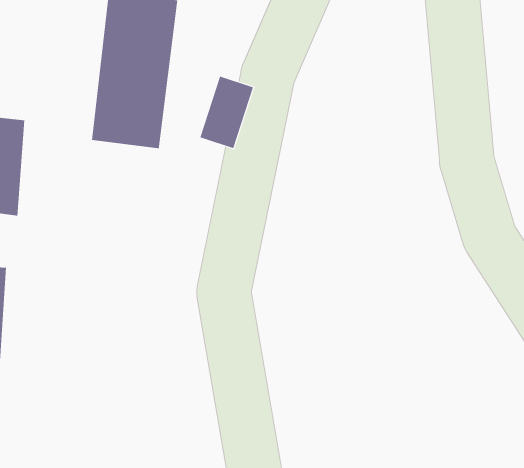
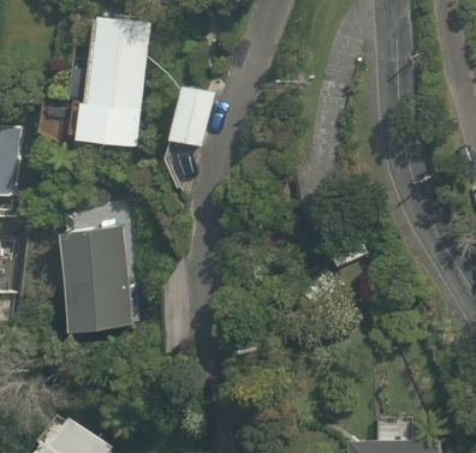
building: none -> [65,231,124,332]

